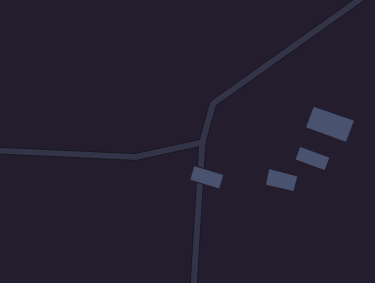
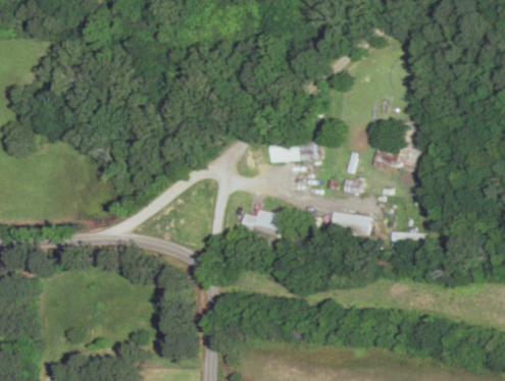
building: none -> [270,143,314,162]
building: [295,146,330,171] -> none

